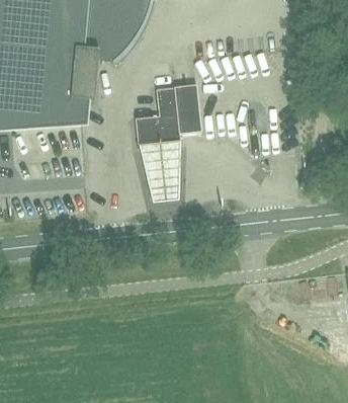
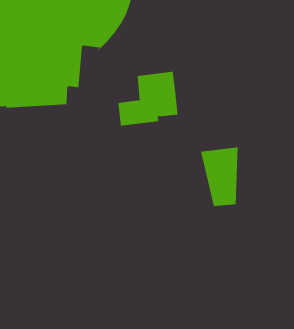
building: [138,138,179,203] -> [200,147,238,207]

